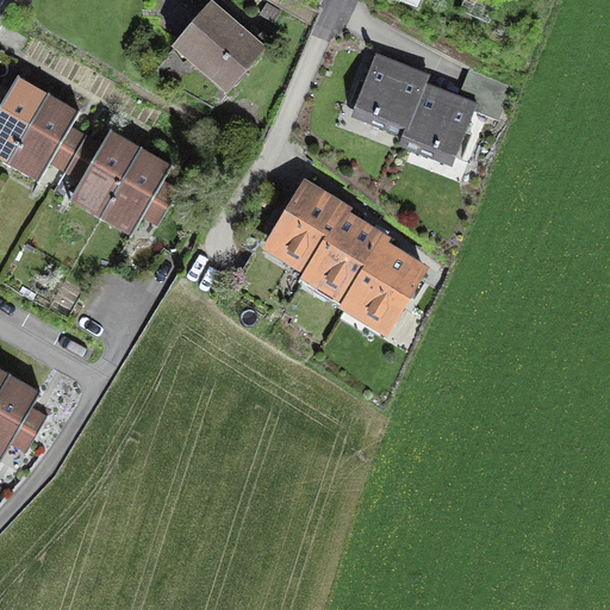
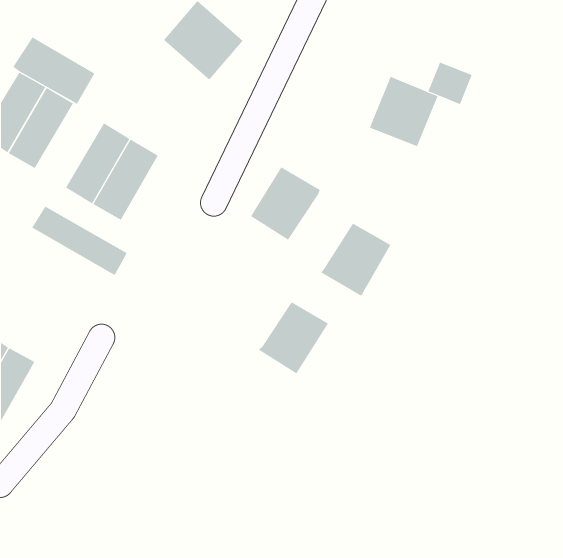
building: none -> [13,36,95,104]
building: [351,56,424,129] -> none
building: [309,211,385,290] -> [258,301,329,374]
building: none -> [32,206,127,276]

